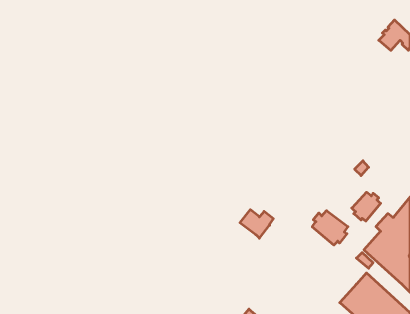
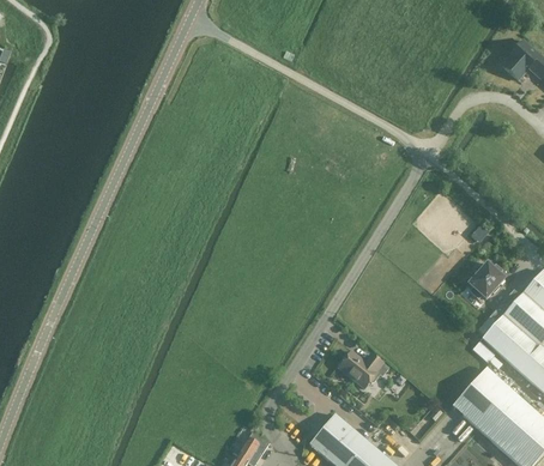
building: [240,210,273,238] -> [339,349,382,386]
building: [312,211,348,245] -> none

